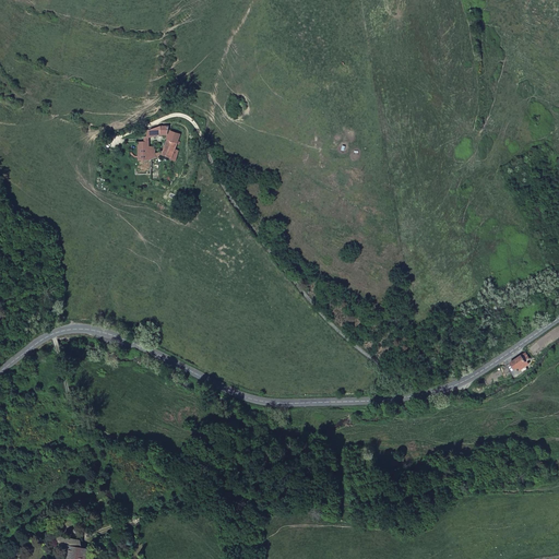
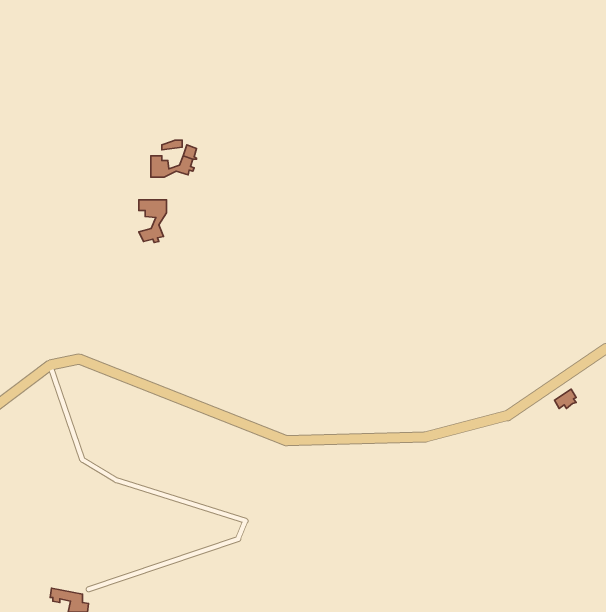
building: none -> [139,200,167,243]

